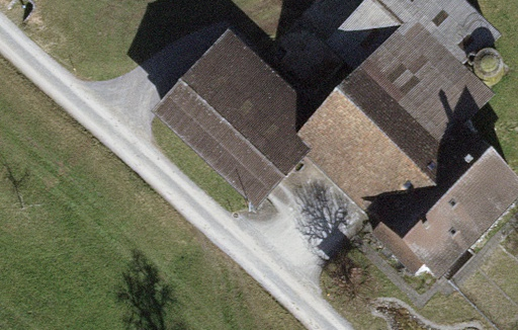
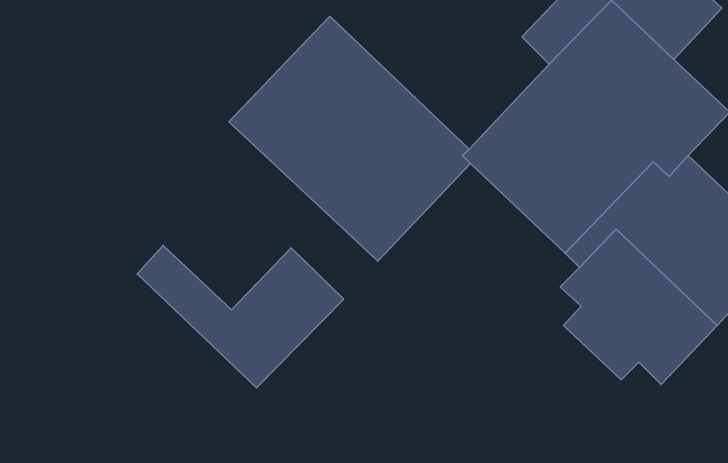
building: none -> [137,245,344,388]

